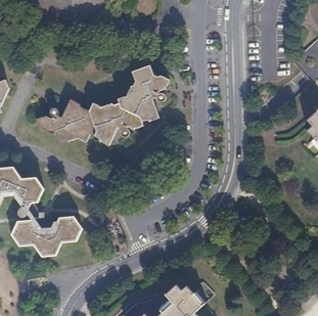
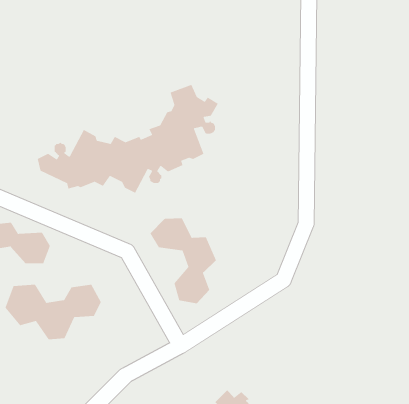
building: none -> [150,217,217,304]

